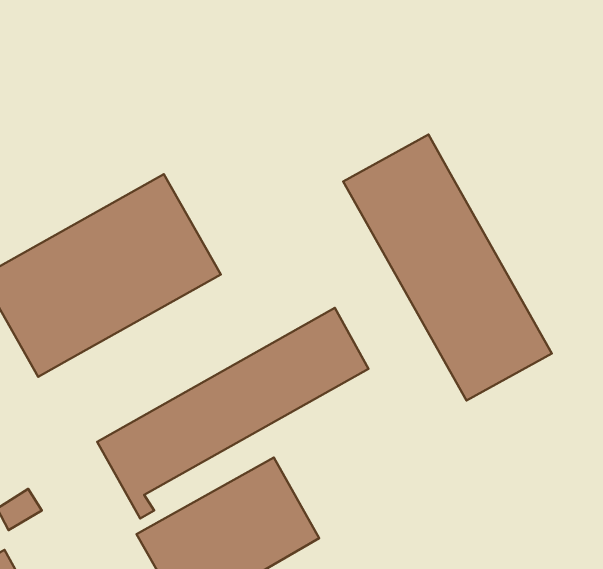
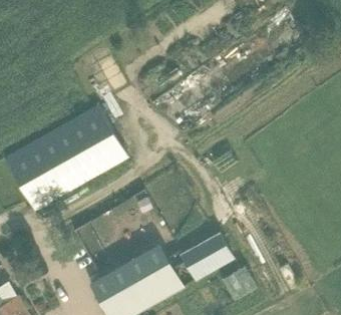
building: [343,135,552,400] -> none
building: none -> [181,231,235,280]

